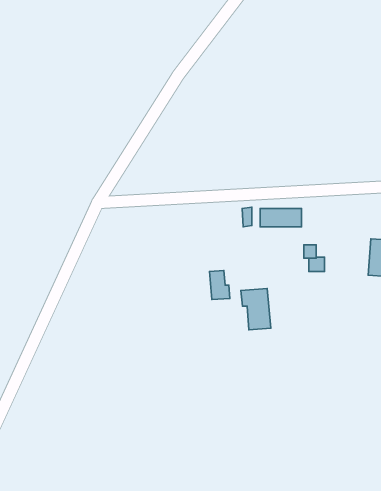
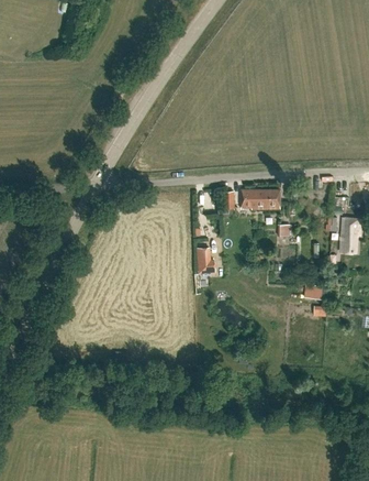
building: [241,288,271,330] -> none

